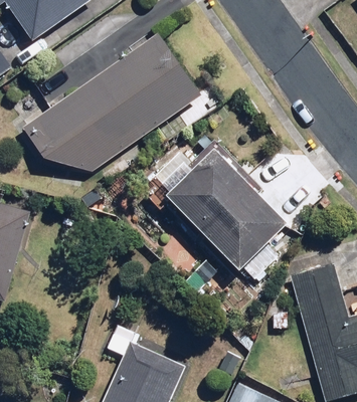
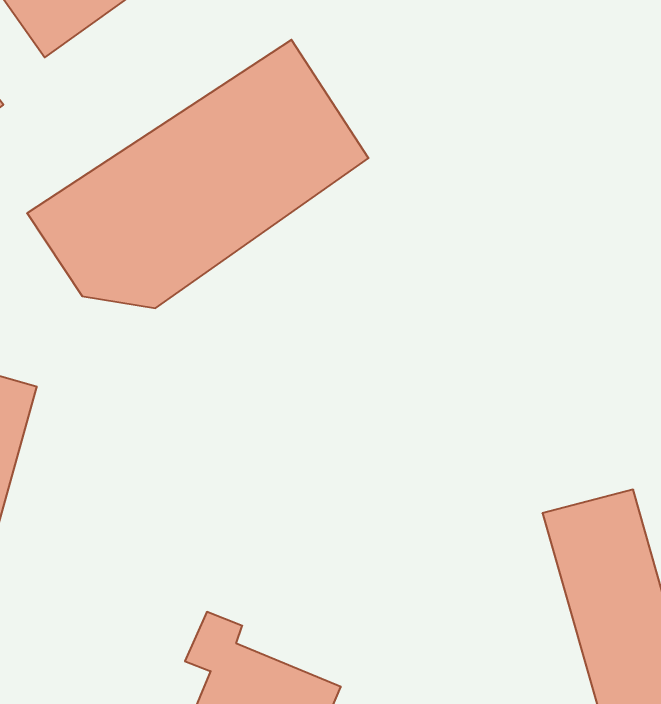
building: [167,150,290,272] -> none

